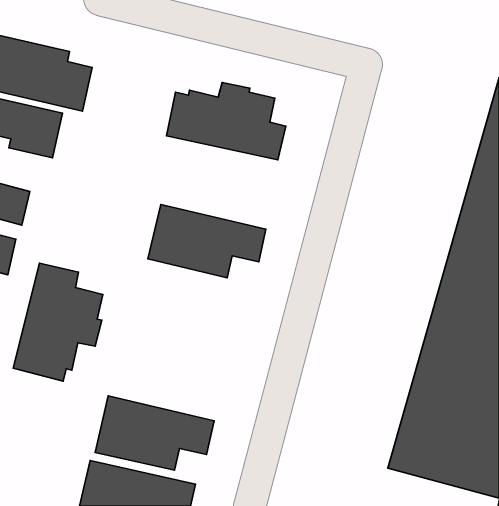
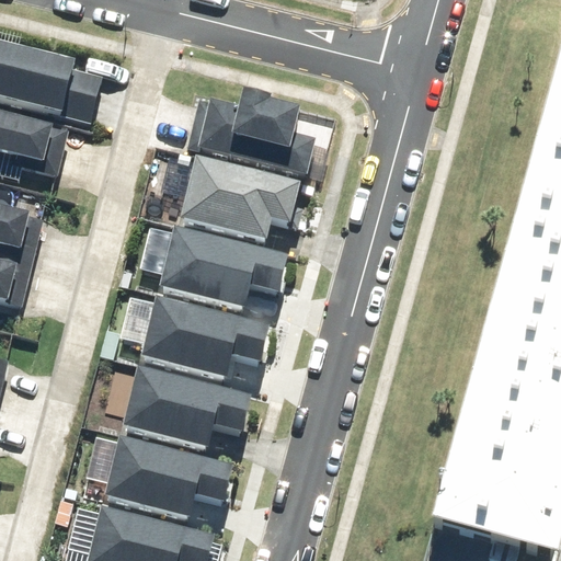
building: none -> [181,158,302,241]
building: [13,263,103,381] -> none
building: none -> [146,295,276,376]
building: none -> [126,365,257,448]

